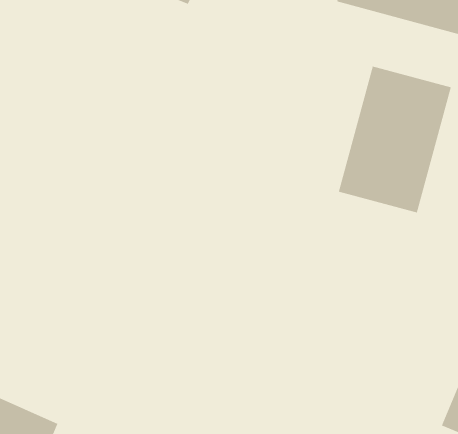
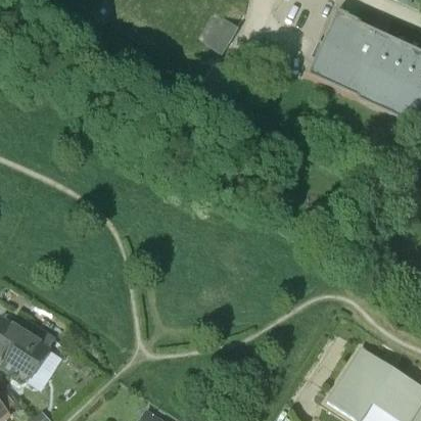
building: [338,65,452,214] -> none

